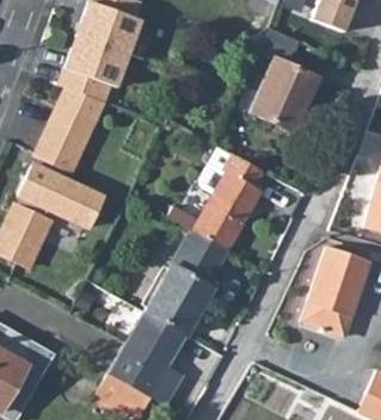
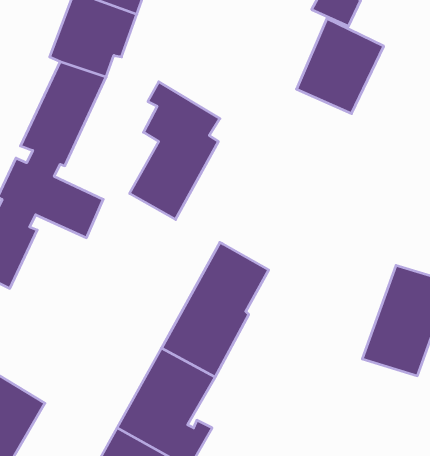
building: [192,144,263,252] -> [130,82,220,220]

